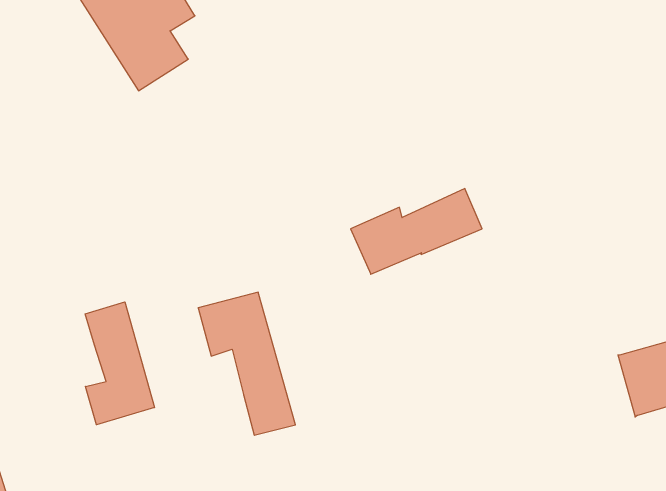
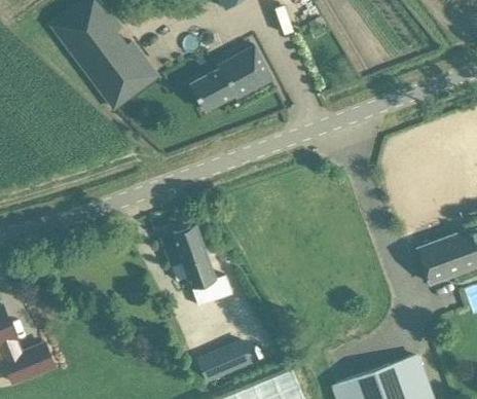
building: [351,189,482,274] -> [191,56,271,112]
building: [85,302,154,425] -> none

